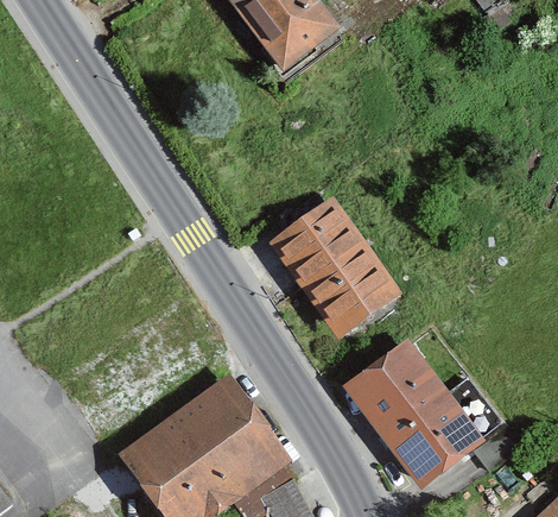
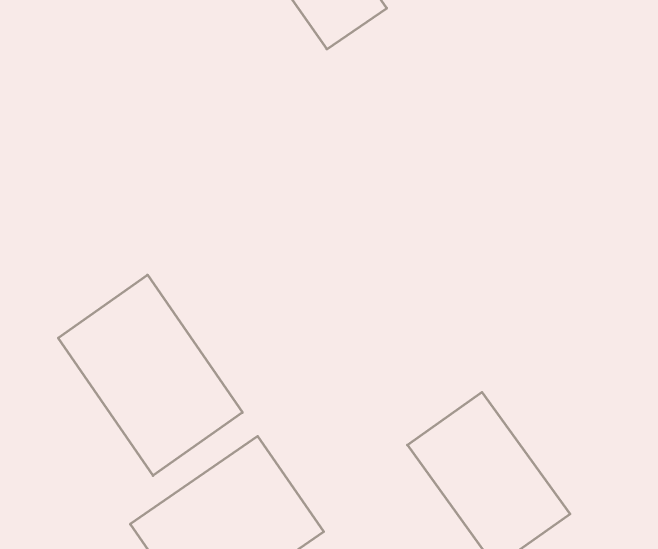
building: [272,198,397,338] -> none
building: none -> [58,275,242,476]

